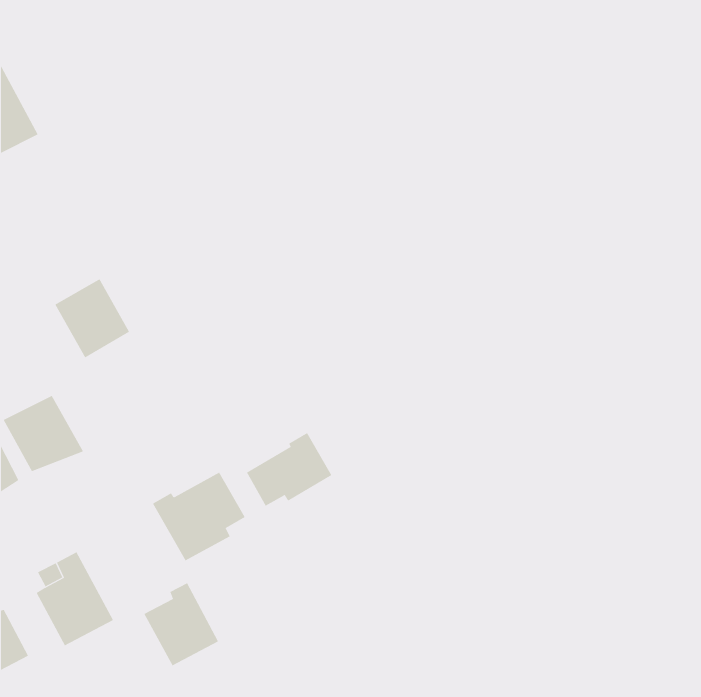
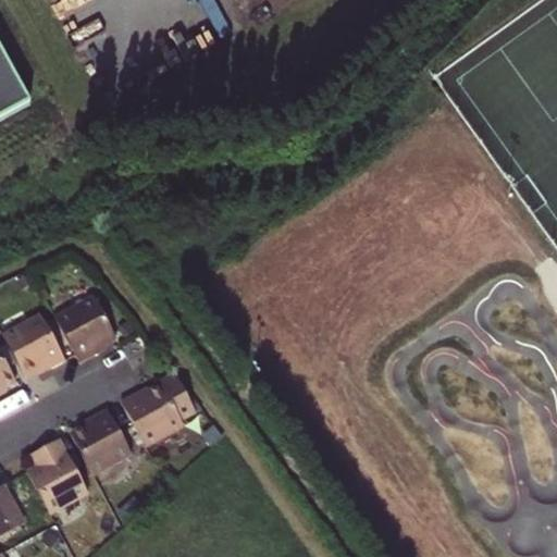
building: [54,278,130,358] -> [58,296,117,359]
building: [246,432,332,507] -> none
building: [143,582,219,666] -> [72,407,132,473]

